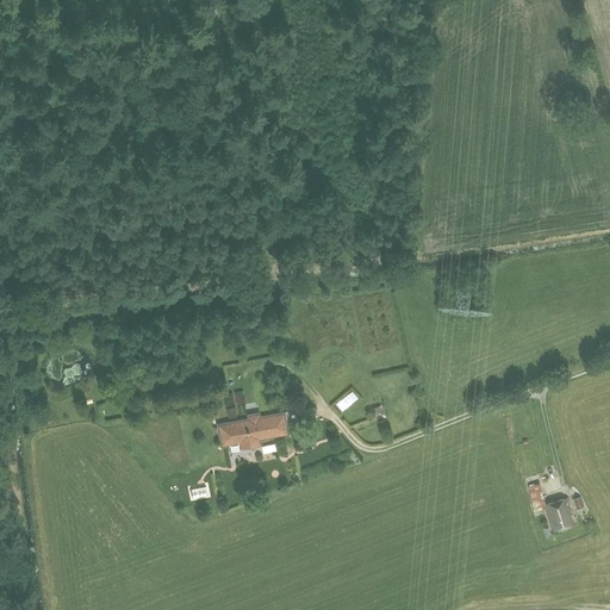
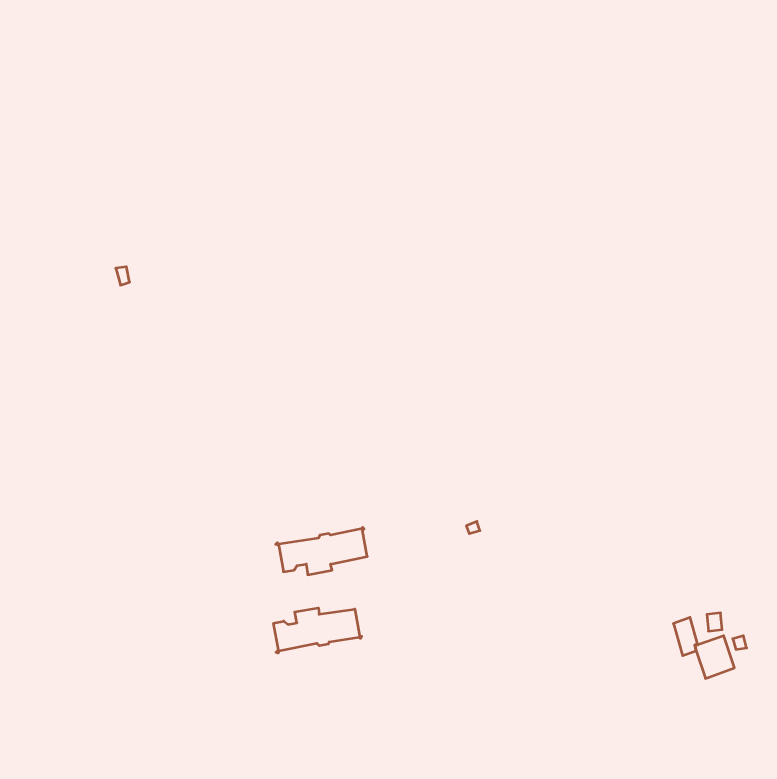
building: none -> [274,608,362,653]

